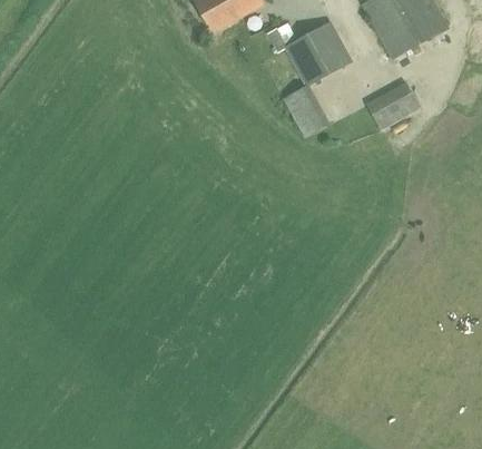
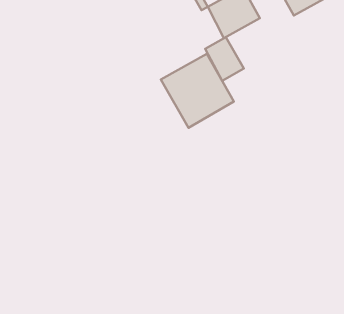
building: [367,82,420,128] -> none
building: none -> [161,54,234,128]

